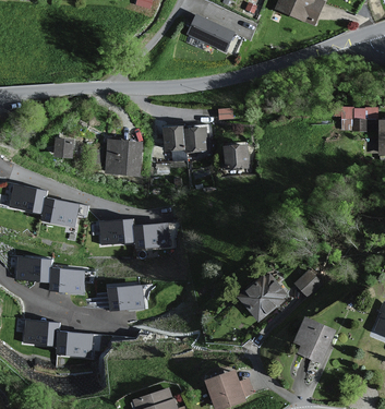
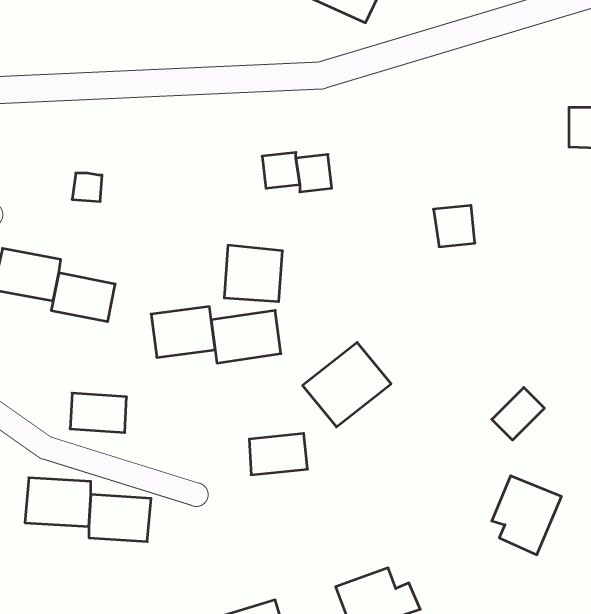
building: [105,142,139,175] -> [224,245,283,302]
building: [222,146,246,170] -> [433,205,475,247]
building: [19,257,50,279] -> none
building: [238,272,289,321] -> [303,342,391,427]
building: [110,285,144,309] -> [249,433,308,475]

